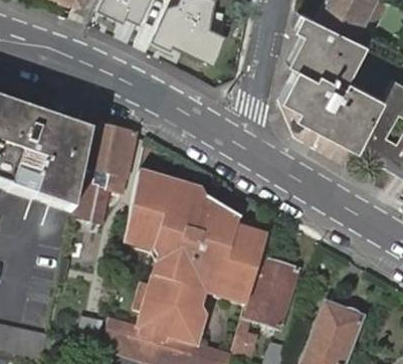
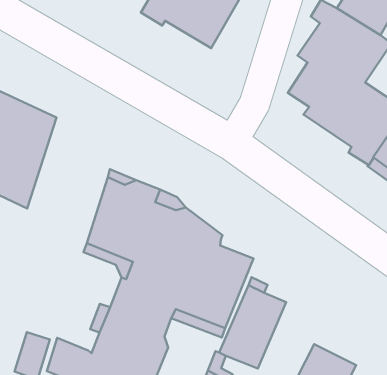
building: [73,125,135,221] -> none

